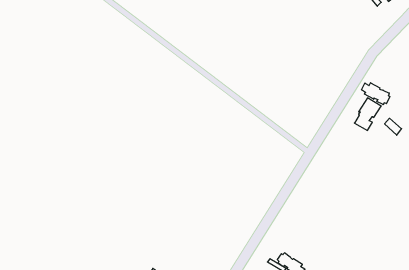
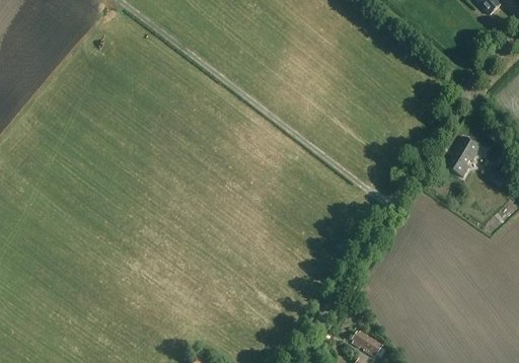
building: [362,83,390,105] -> none

